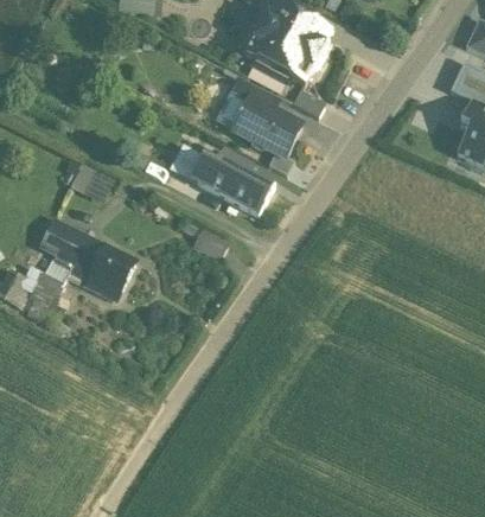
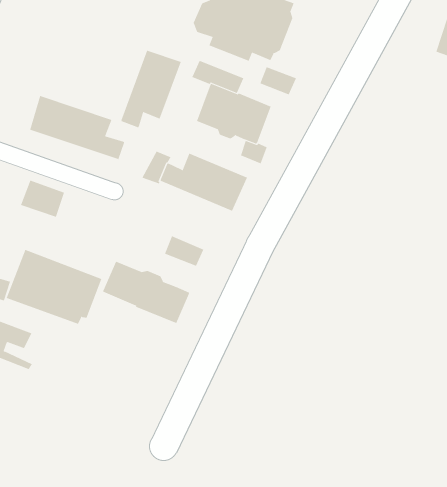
building: none -> [120,50,181,128]
building: none -> [29,95,125,161]
building: none -> [103,261,189,324]

